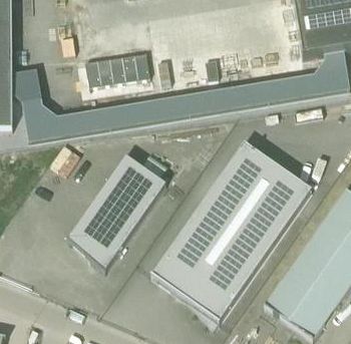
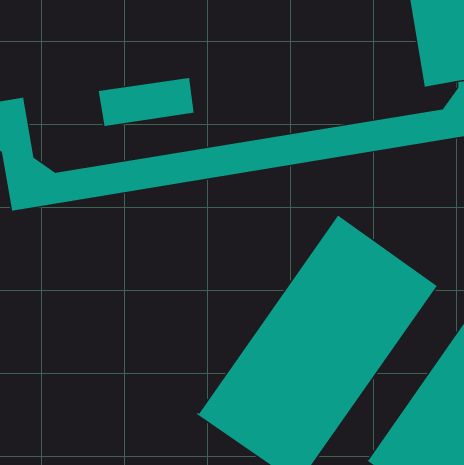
building: [66,155,166,273] -> none

